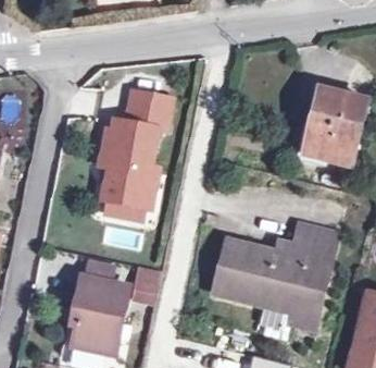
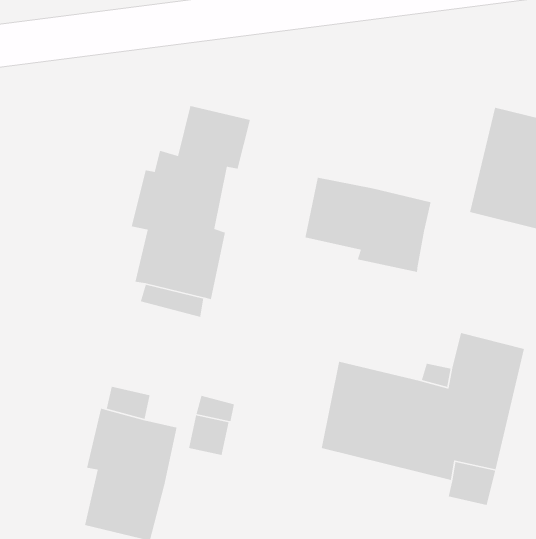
building: none -> [305,177,432,273]

